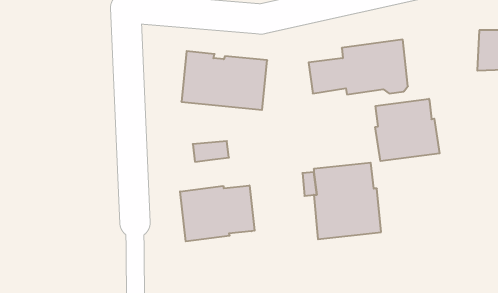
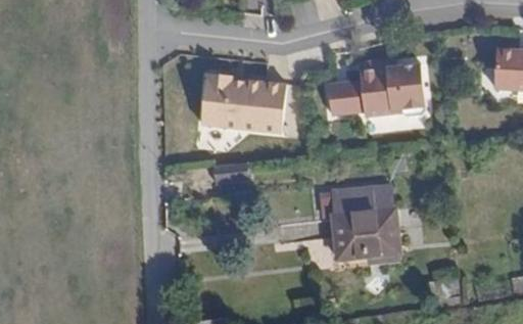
building: [375,99,440,161] -> none
building: [180,185,255,241] -> none

